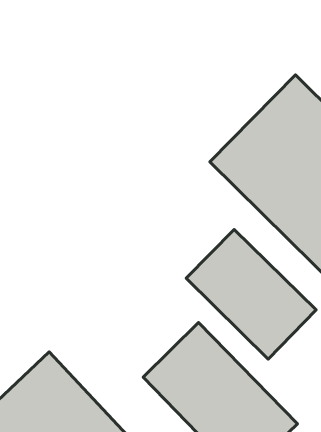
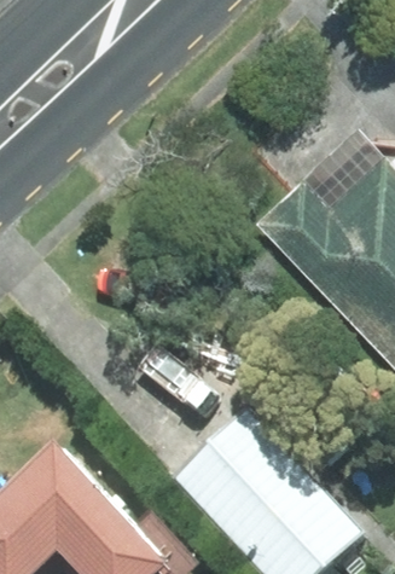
building: [186,230,316,359] -> none

